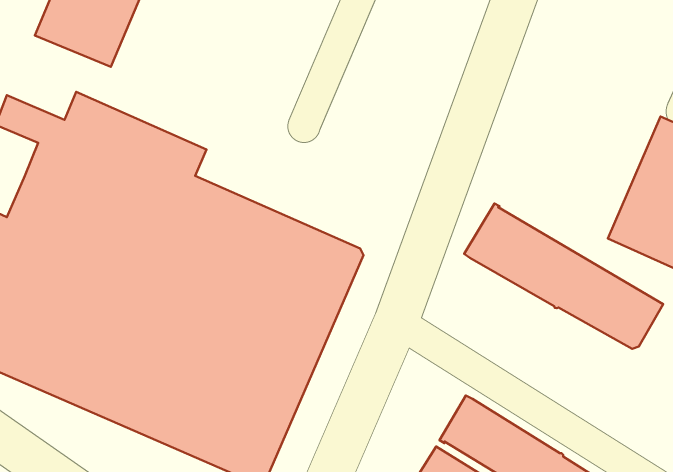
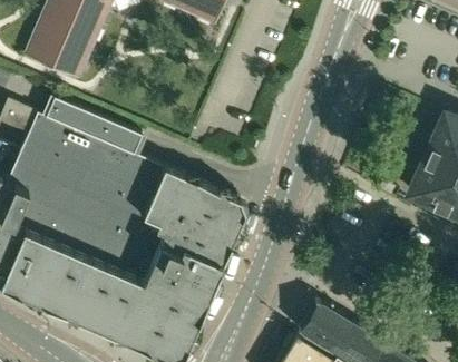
building: [464,203,663,349] -> none

